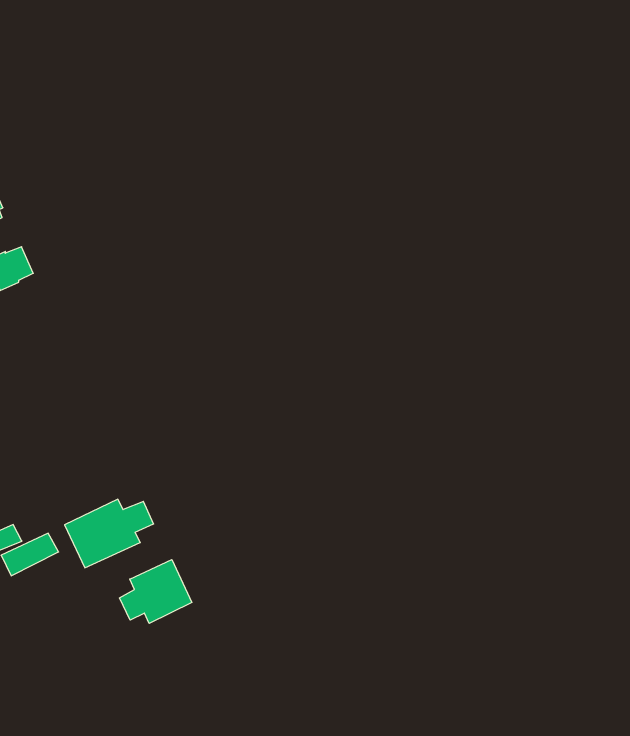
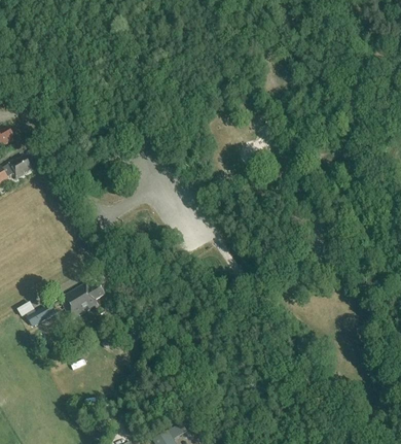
building: [119,560,192,623] -> none

